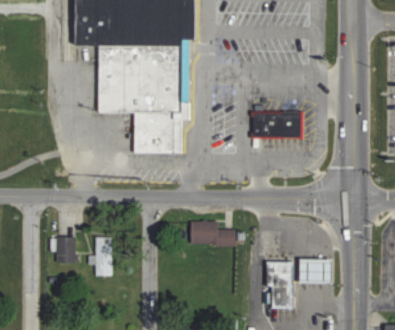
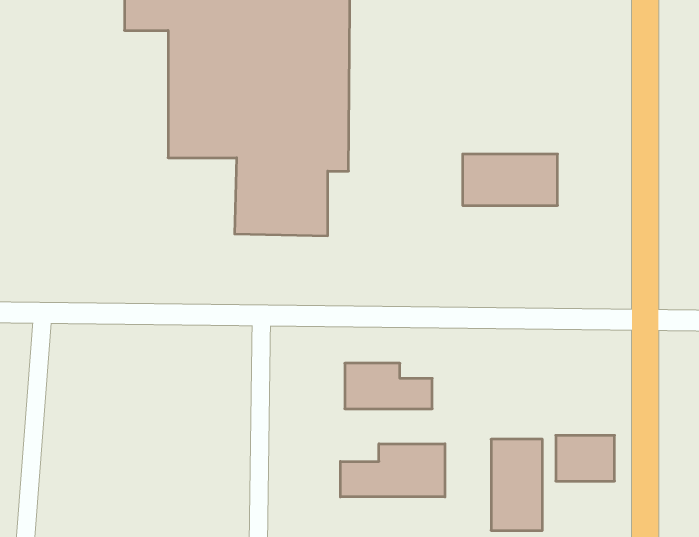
building: [54,237,73,263] -> none
building: [93,237,111,277] -> none
building: none -> [340,444,445,497]

